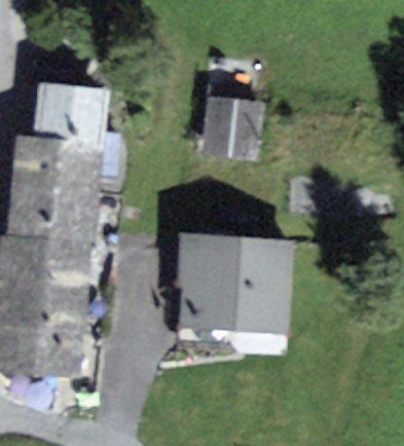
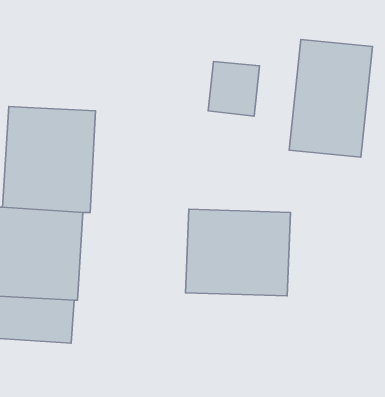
building: none -> [289,40,373,157]
building: [32,82,104,143] -> none

